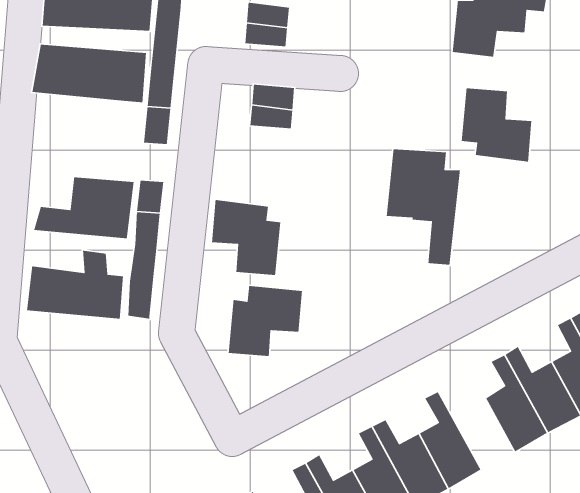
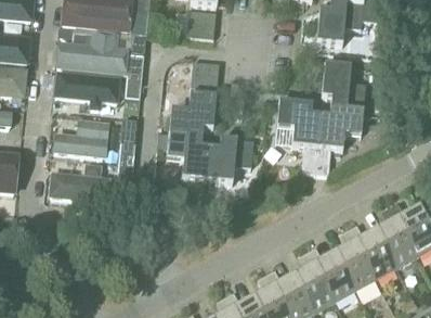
building: none -> [60,79,107,110]
building: none -> [168,92,214,136]
building: none -> [314,104,363,174]
building: [228,285,303,357] -> [206,137,252,181]
building: none -> [306,245,354,300]

